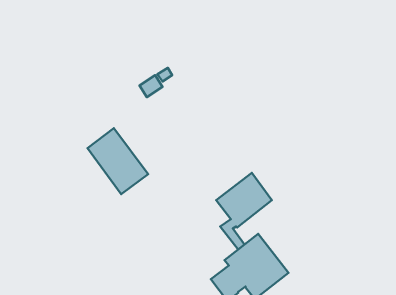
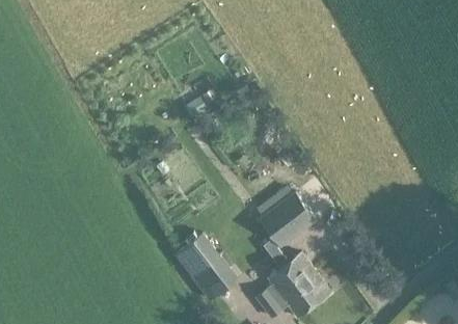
building: [87,128,148,194] -> [176,233,236,298]

